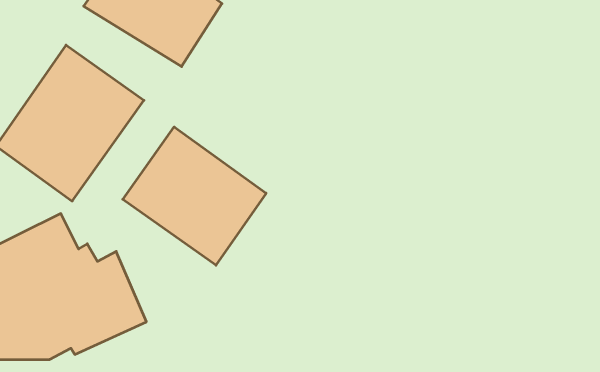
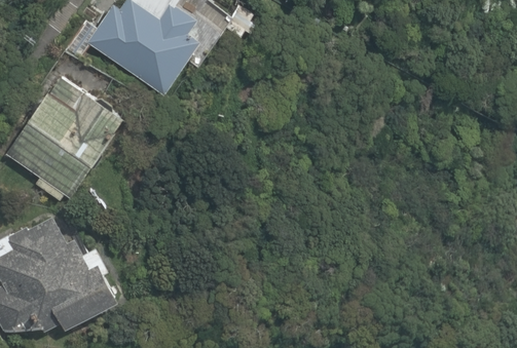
building: [123,127,266,265] -> none

